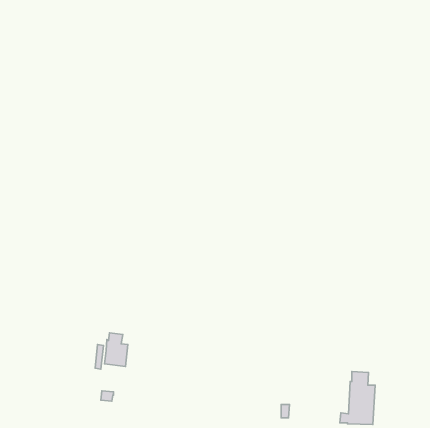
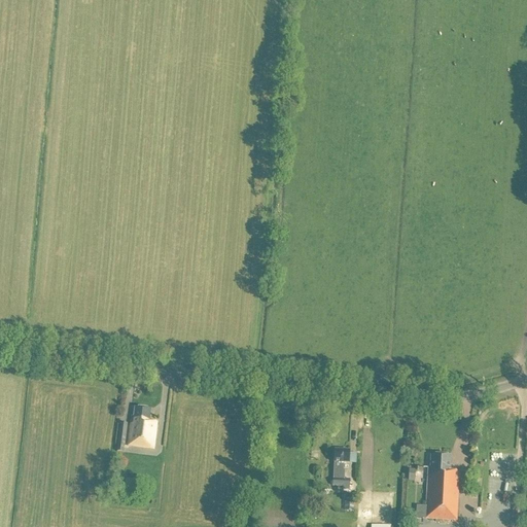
building: none -> [332,449,350,488]

